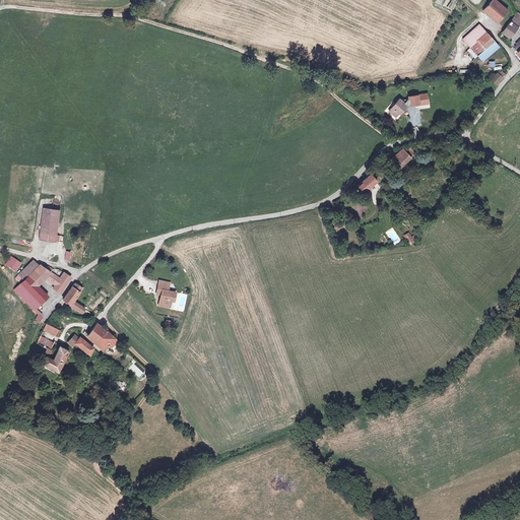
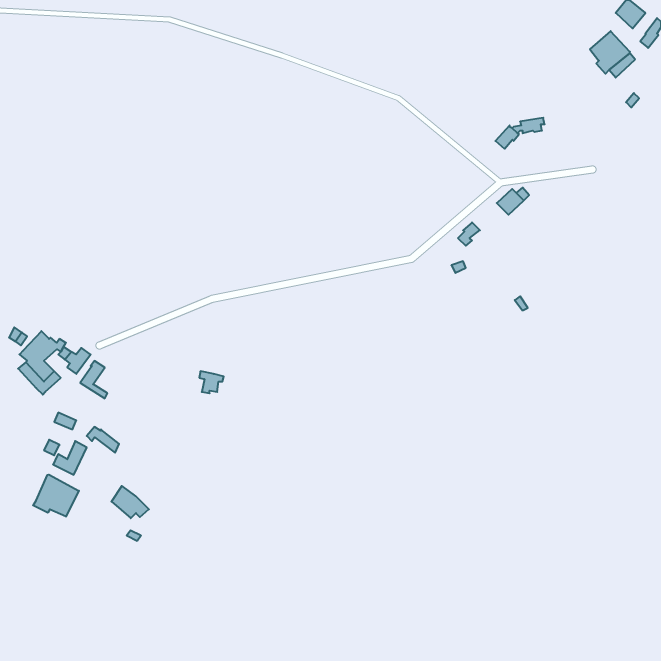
building: [40,208,60,241] -> none
building: [88,324,118,349] -> [111,486,149,518]
building: none -> [33,475,79,517]

